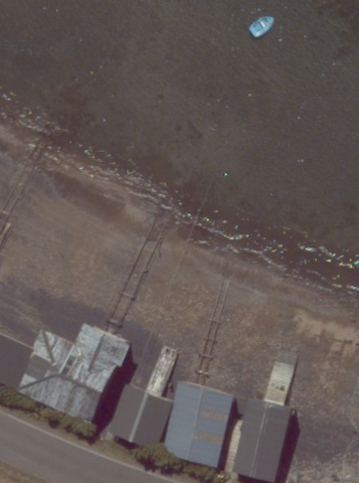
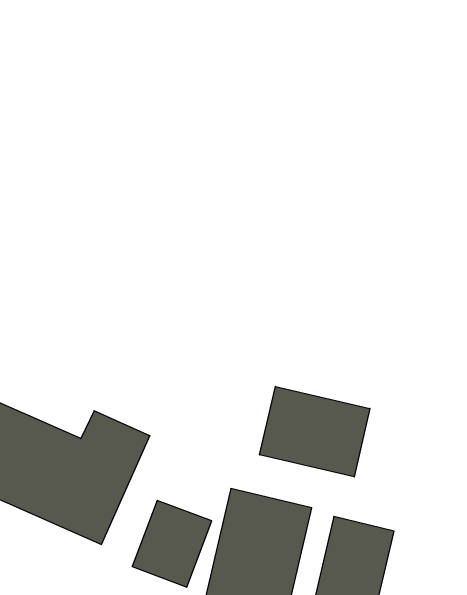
building: none -> [260,386,370,477]

